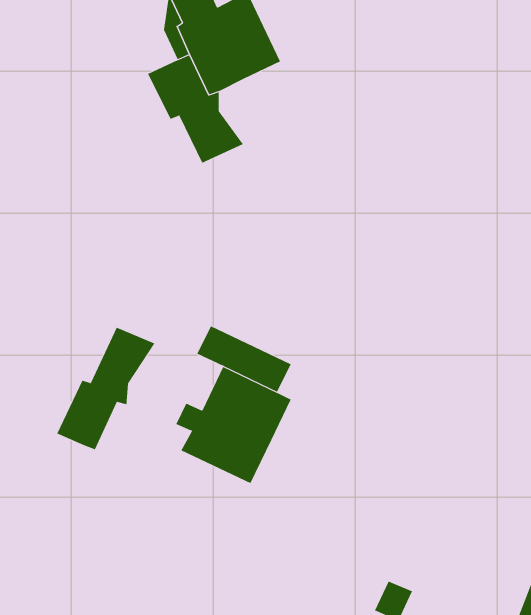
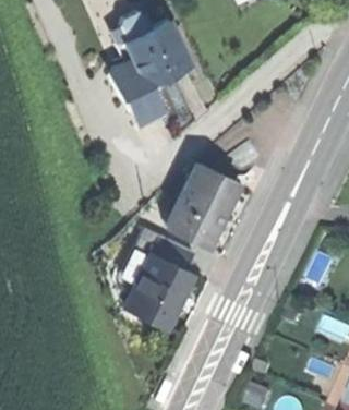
building: none -> [171,165,238,243]
building: [56,327,155,450] -> none

